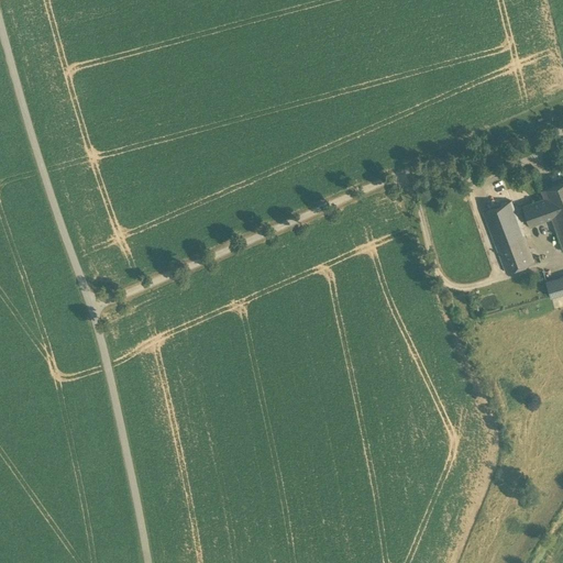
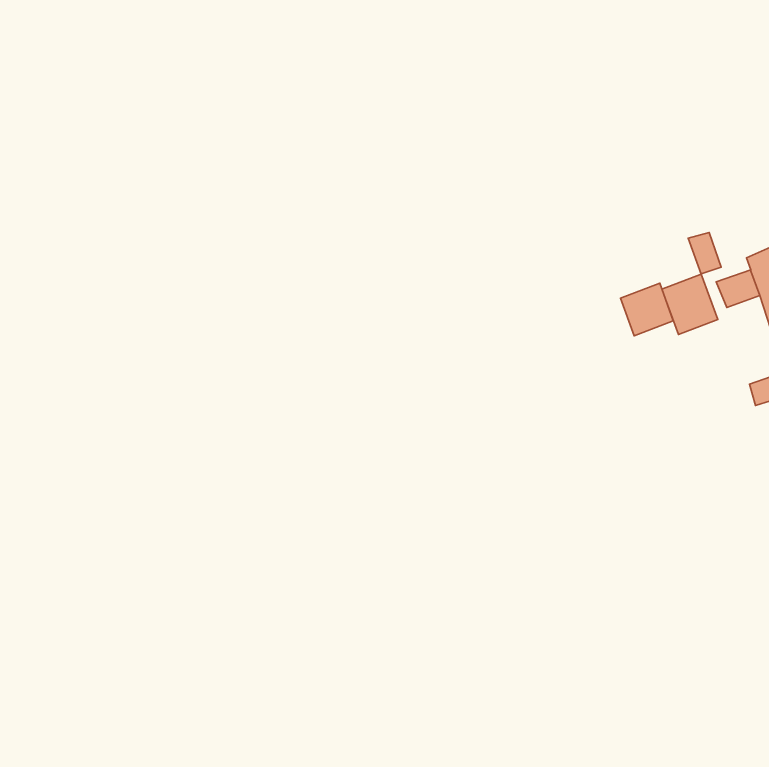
building: none -> [688,232,721,274]
building: [496,235,534,274] -> [620,283,673,336]

